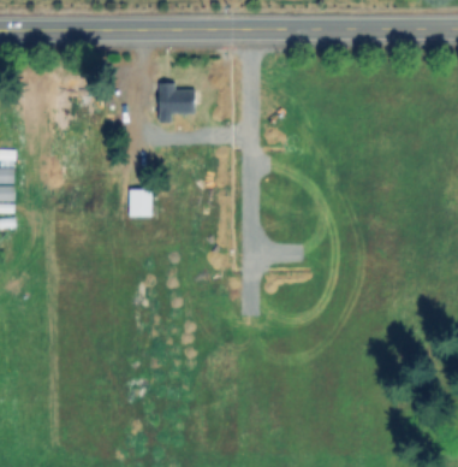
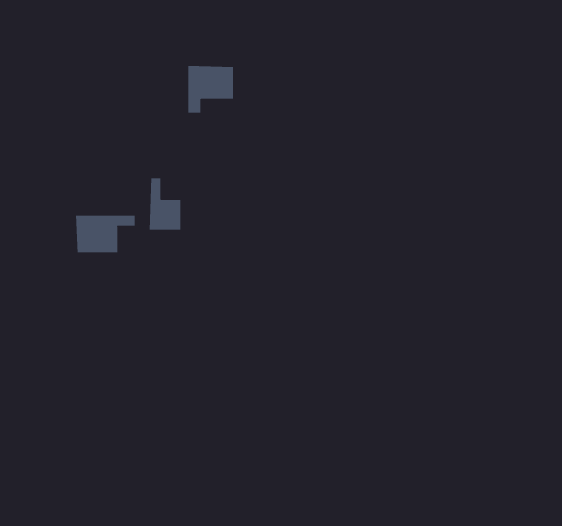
building: none -> [75,215,135,253]

